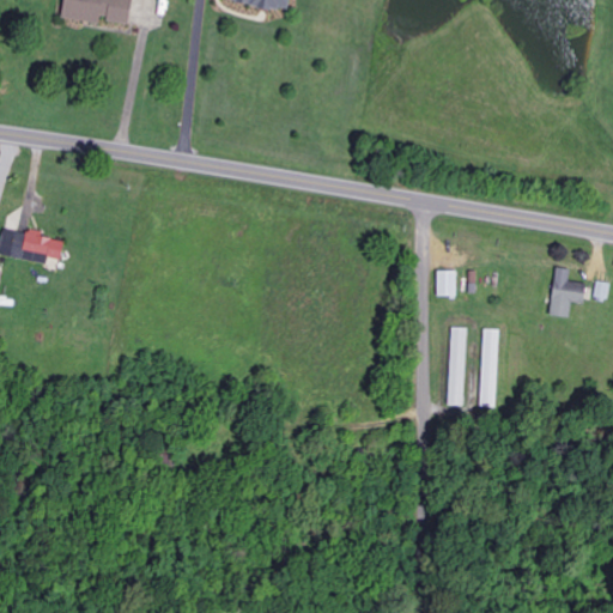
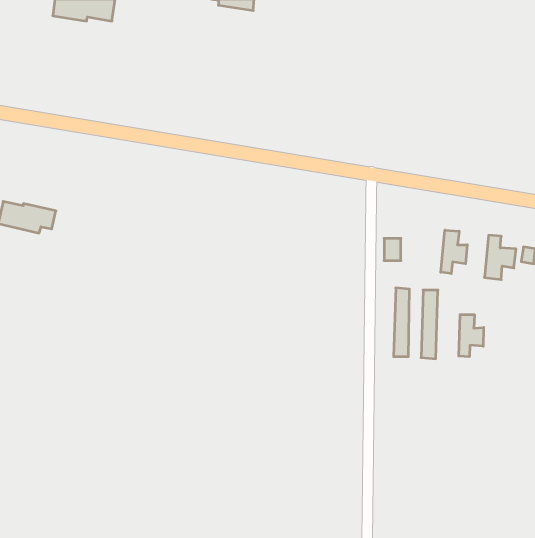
building: none -> [441,230,467,274]
building: none -> [459,315,484,357]

